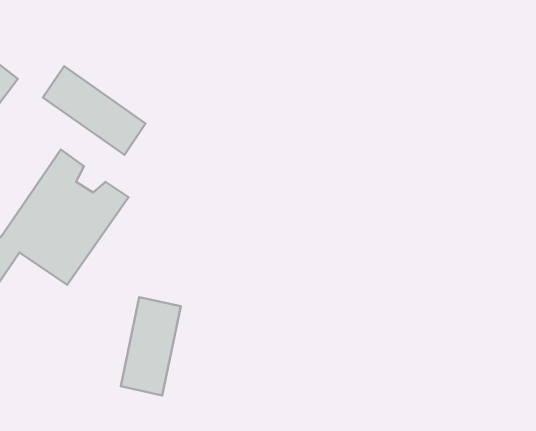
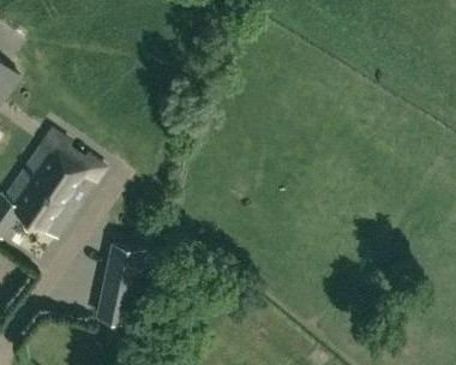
building: [43,66,146,155] -> none

